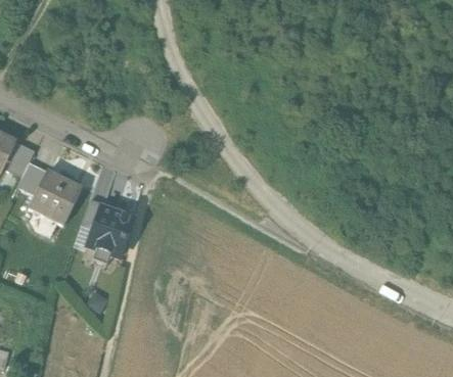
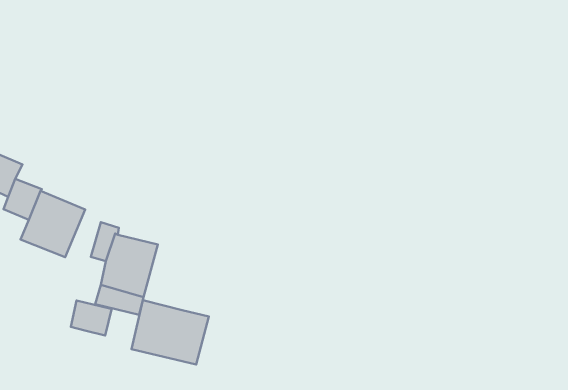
building: none -> [71,300,112,336]
building: none -> [131,300,209,365]

